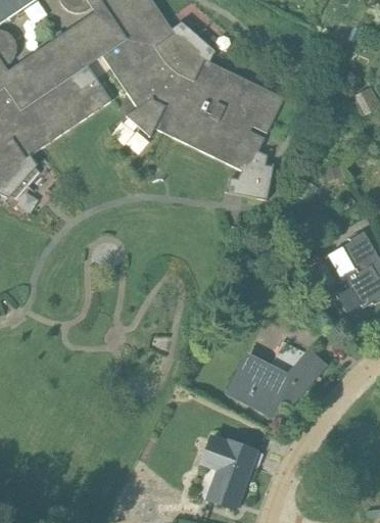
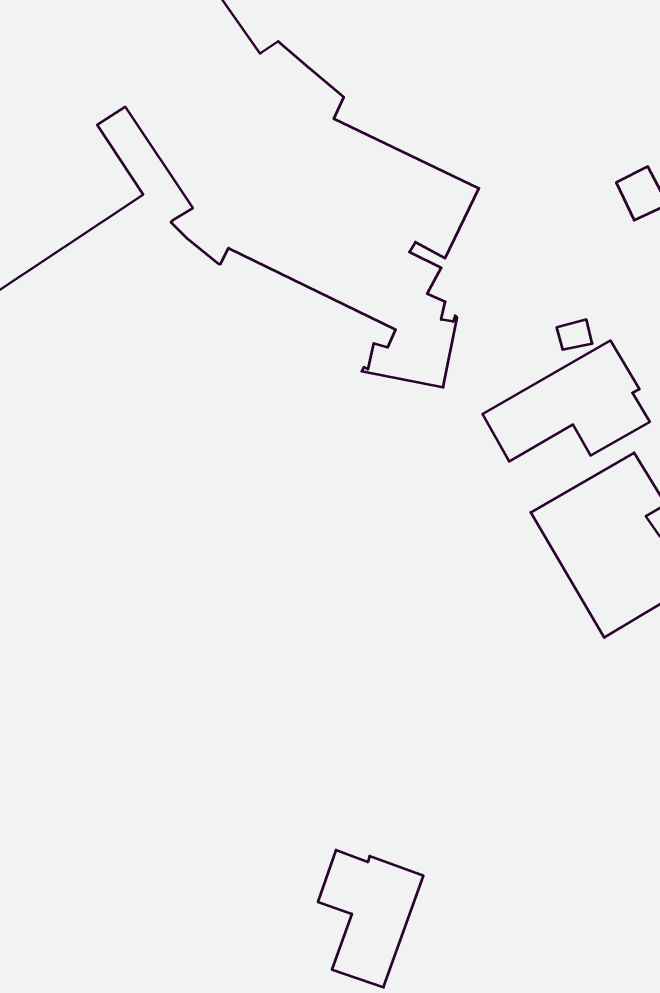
building: none -> [483,341,650,461]
building: [229,353,322,414] -> none

